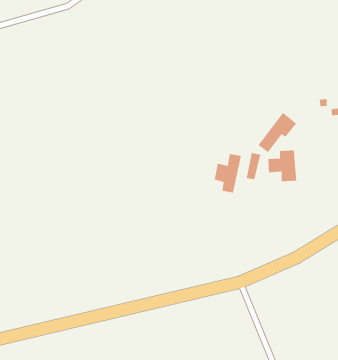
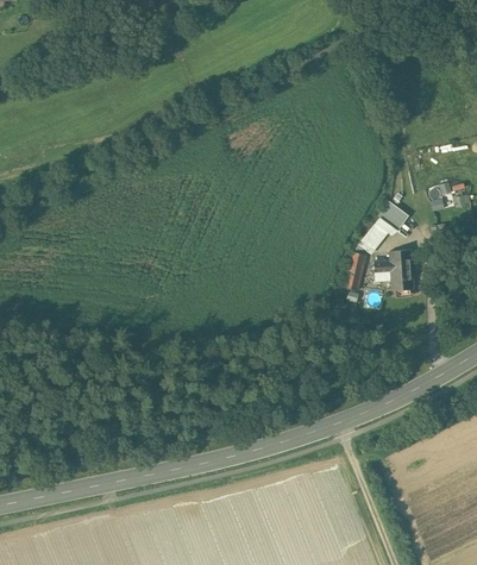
building: [214,153,242,193] -> none

